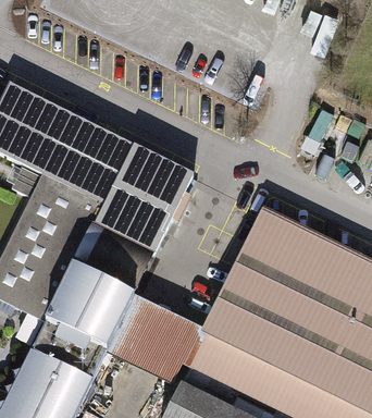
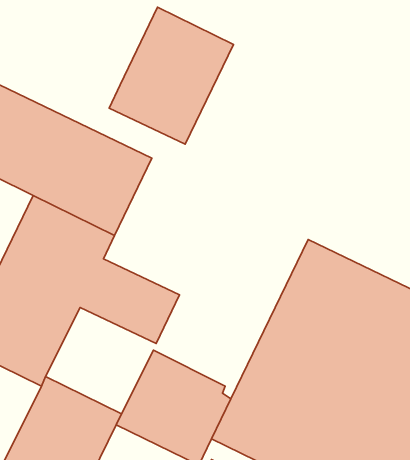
building: [98,143,196,250] -> [109,7,234,144]
building: [52,260,139,344] -> none

